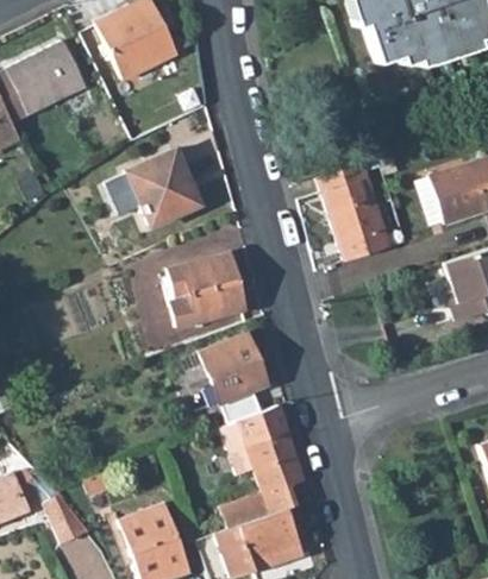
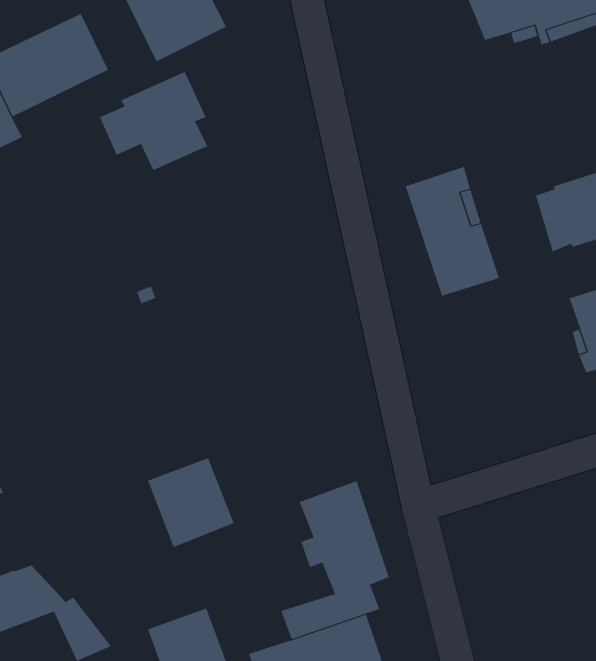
building: [110,149,194,226] -> [99,71,208,171]
building: [165,253,245,327] -> none
building: [201,334,269,404] -> [147,457,235,548]

